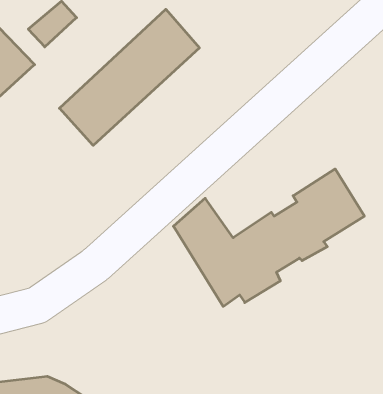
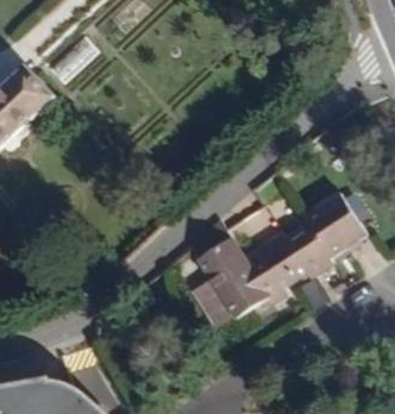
building: [59,9,199,145] -> none

